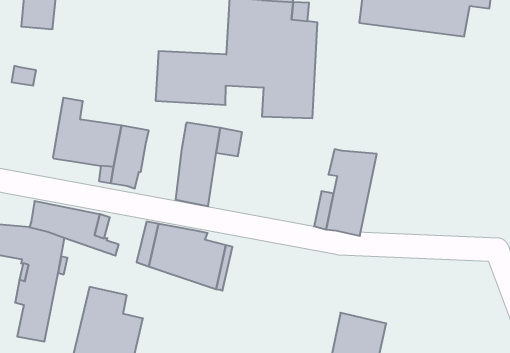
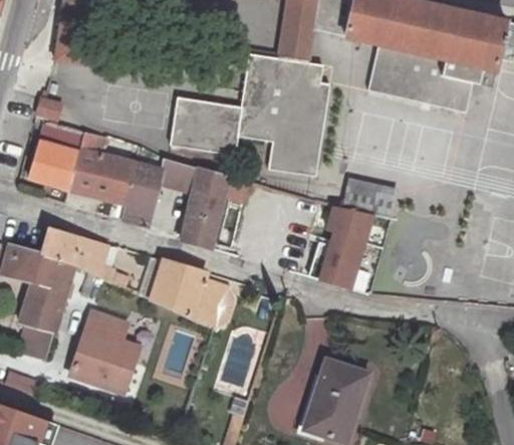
building: none -> [30,121,83,188]
building: none -> [157,160,196,192]
building: none -> [340,178,399,216]

